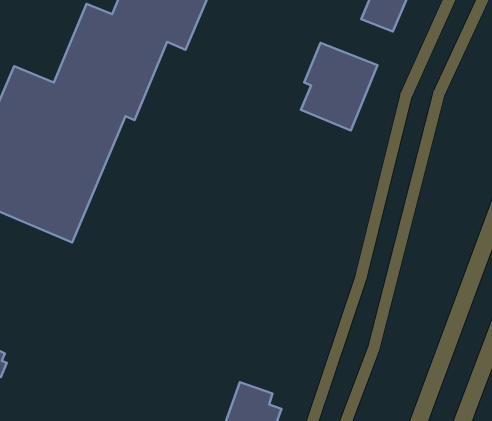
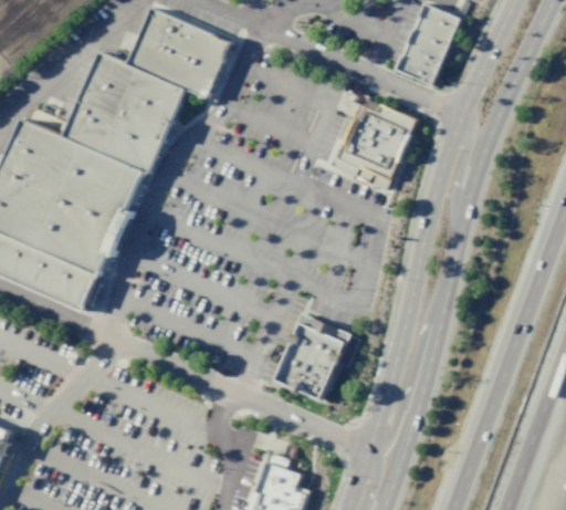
building: none -> [275,314,350,400]

